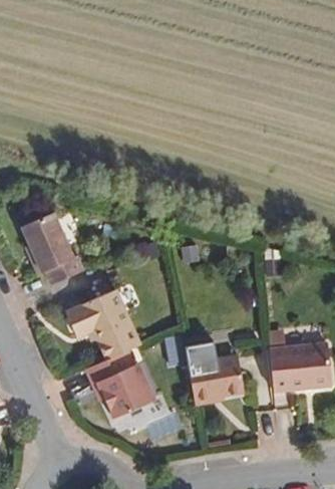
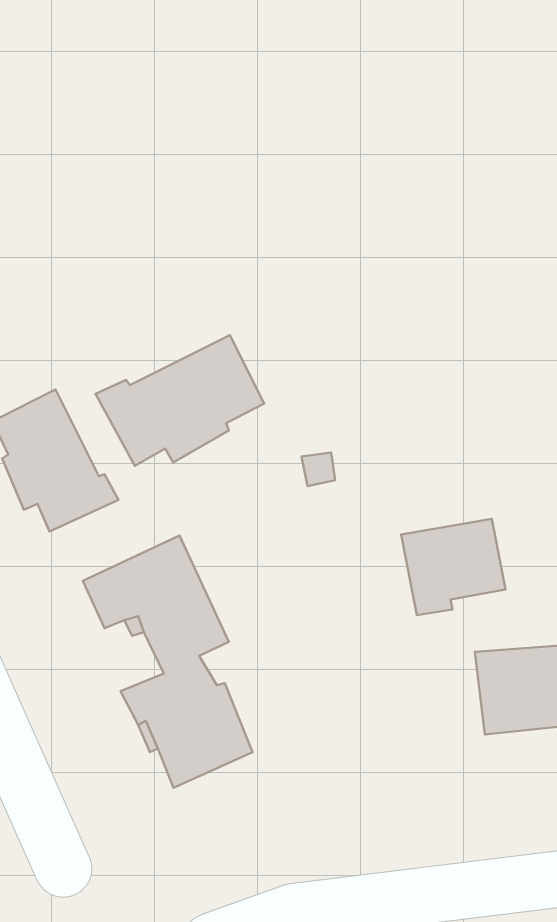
building: none -> [96,335,264,466]
building: [186,354,239,404] -> [401,519,506,615]

